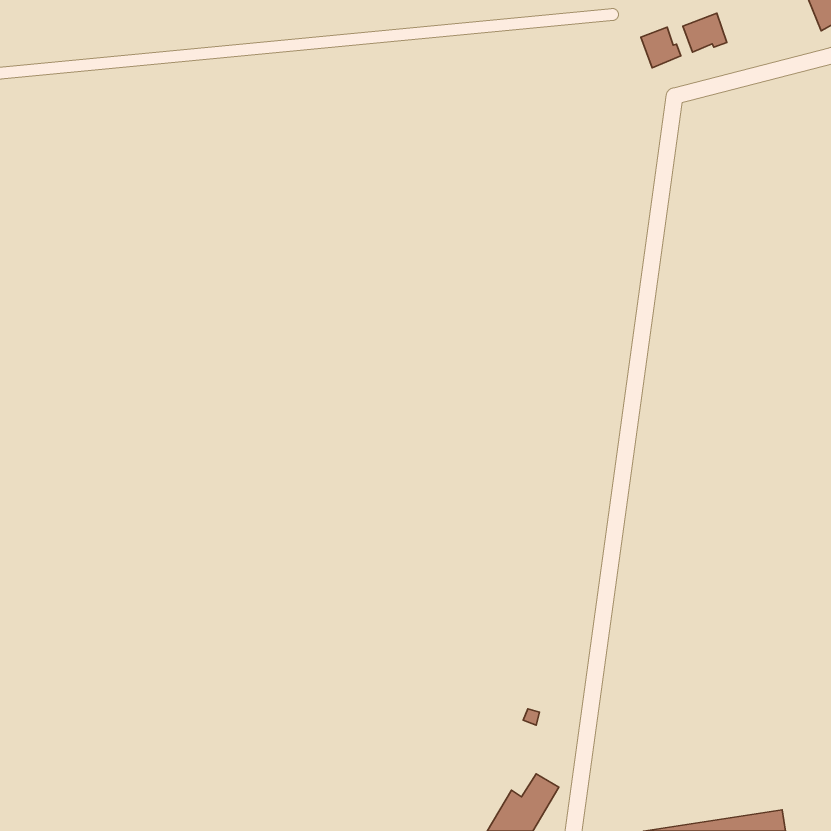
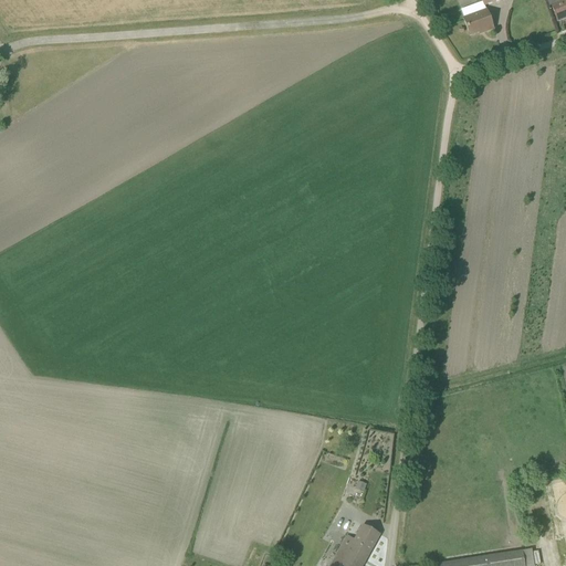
building: [641,27,681,68] -> none

